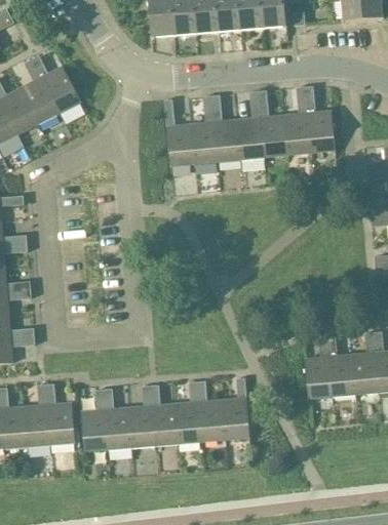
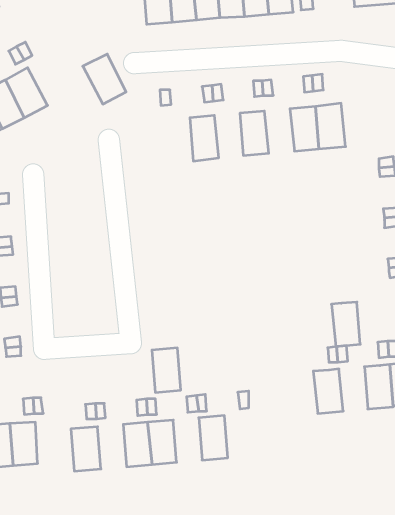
building: [41,67,81,113] -> [83,54,126,104]
building: [260,116,287,157] -> none
building: [214,120,240,161] -> none
building: [166,124,194,166] -> none
building: [328,354,355,395] -> [331,302,360,347]
building: [223,397,250,438] -> none
building: [176,401,202,442] -> [152,348,181,392]
building: [48,403,75,443] -> none
building: [106,407,132,448] -> none

